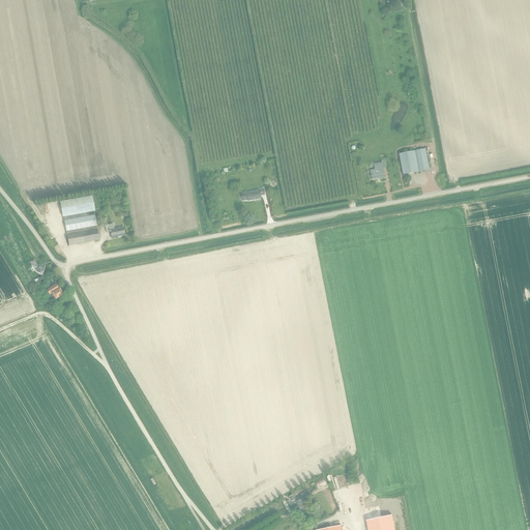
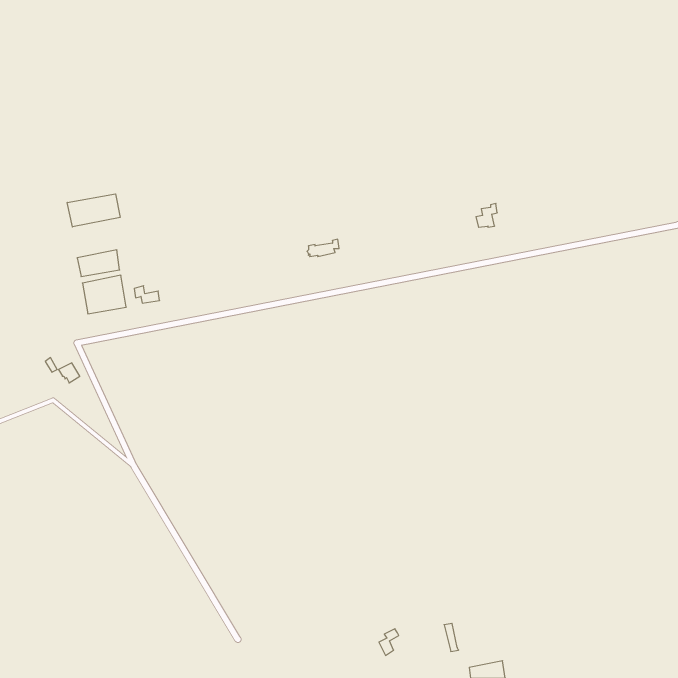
building: [399,148,429,174] -> none
building: none -> [67,194,120,227]

